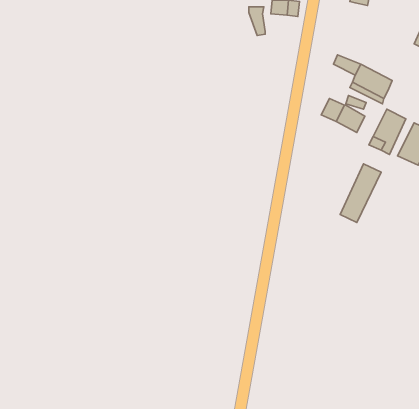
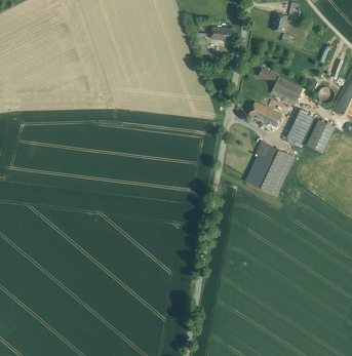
building: none -> [245,142,280,189]

